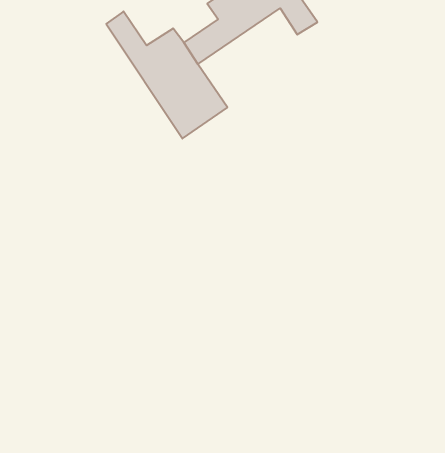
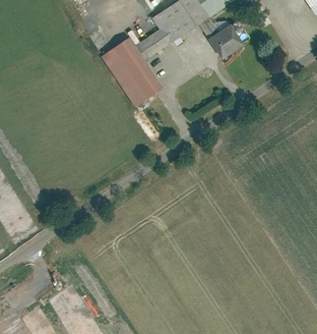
building: none -> [209,24,245,59]

